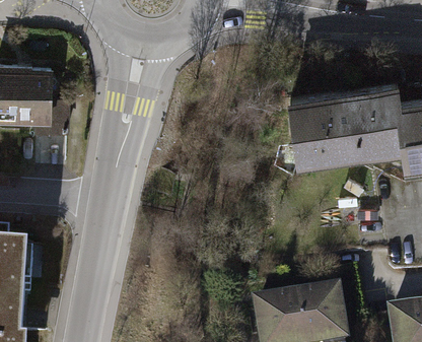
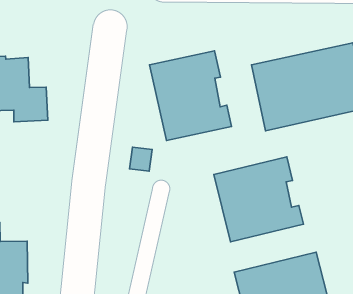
building: none -> [150,51,231,141]
building: none -> [214,157,303,242]

